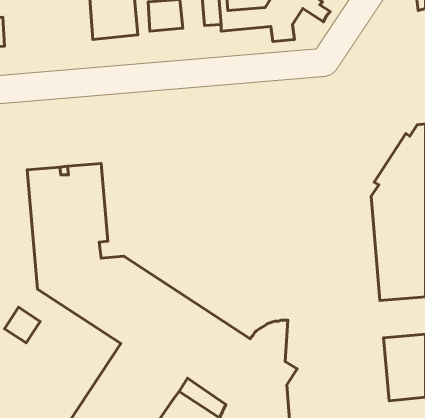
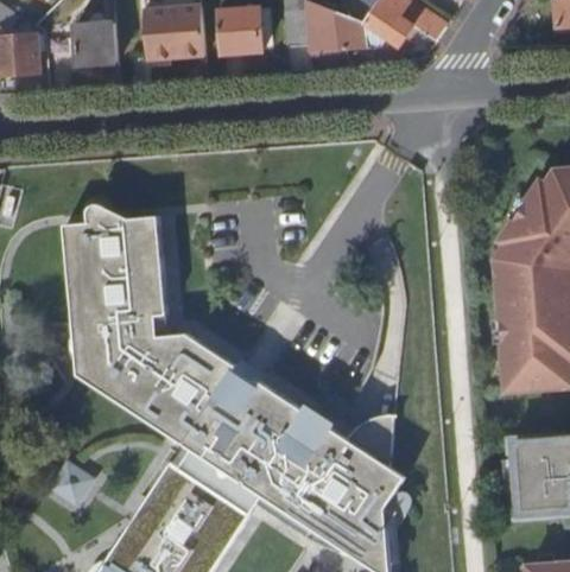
building: none -> [72,20,116,62]
building: [5,307,40,343] -> [49,463,94,508]

